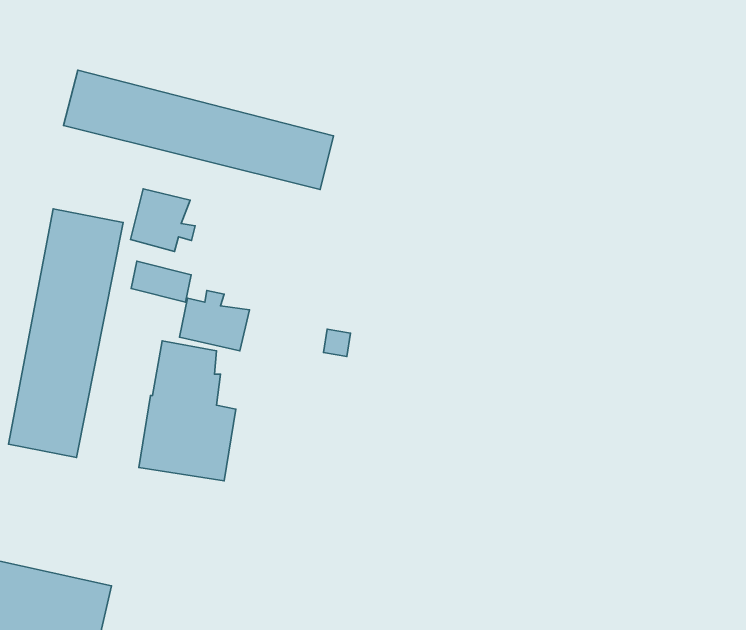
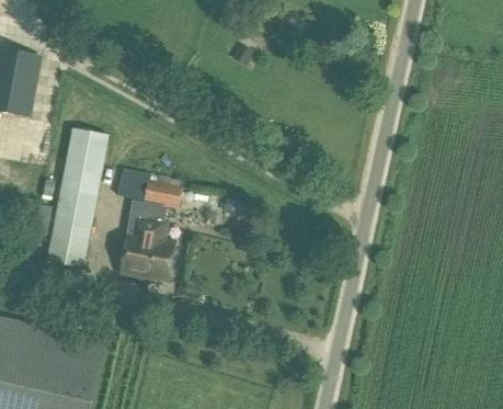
building: [64,70,334,190] -> none
building: [130,189,195,251] -> none

